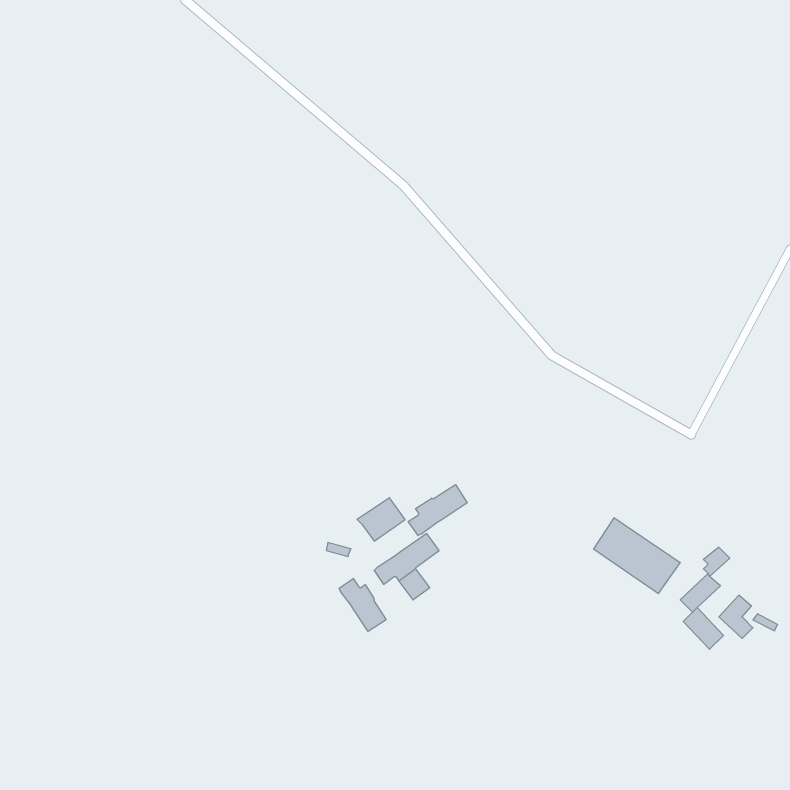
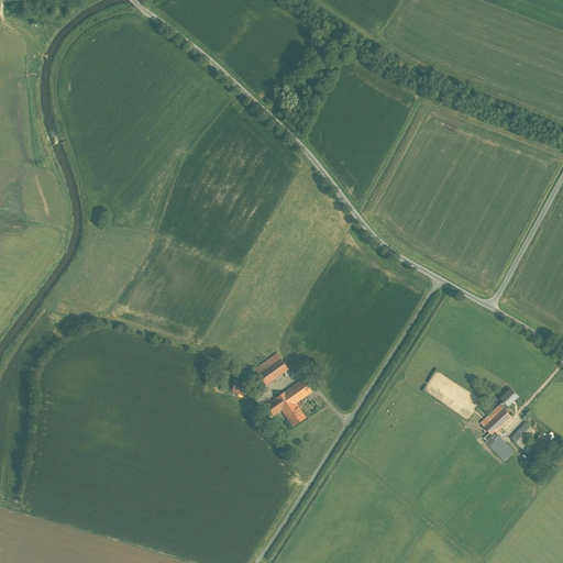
building: [408,485,467,536] -> none
building: [339,578,386,632] -> none

